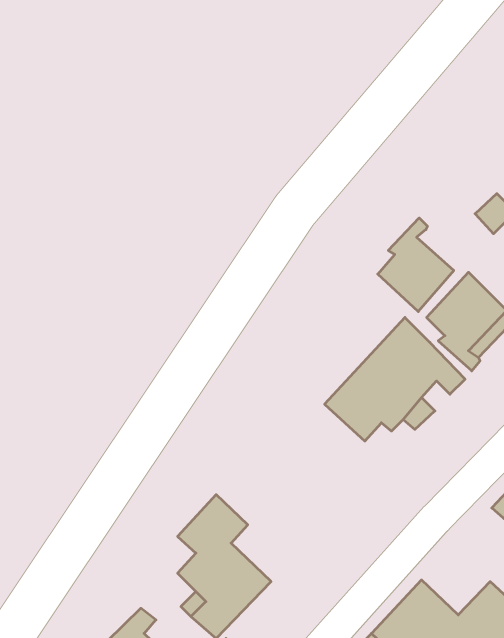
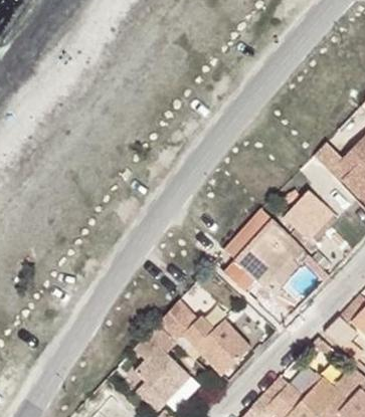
building: [378,218,454,312] -> none
building: none -> [158,301,250,386]

